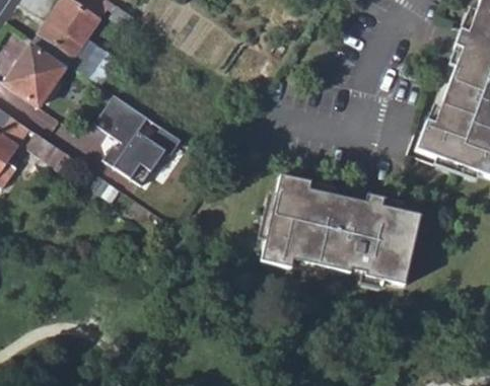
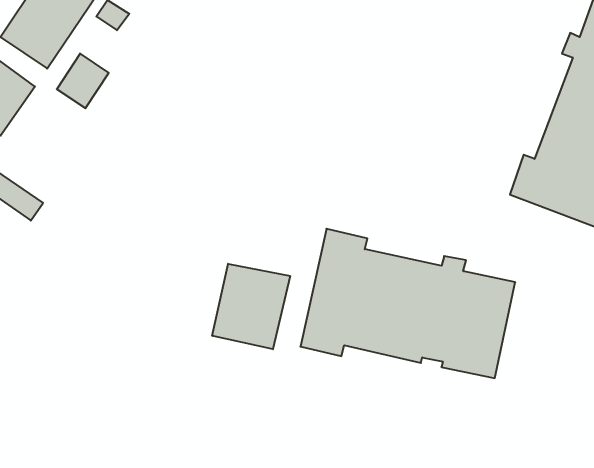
building: [93,93,180,185] -> none
building: none -> [212,264,290,349]

